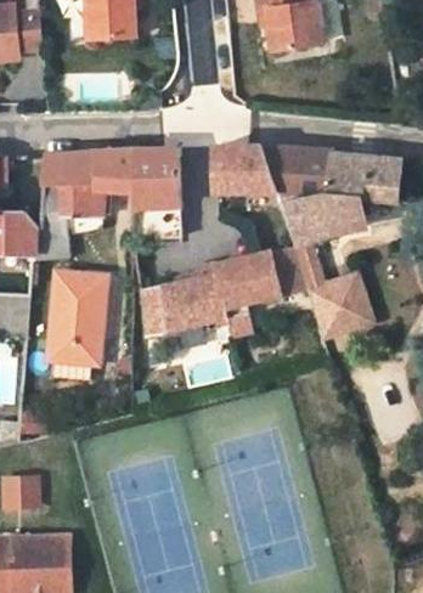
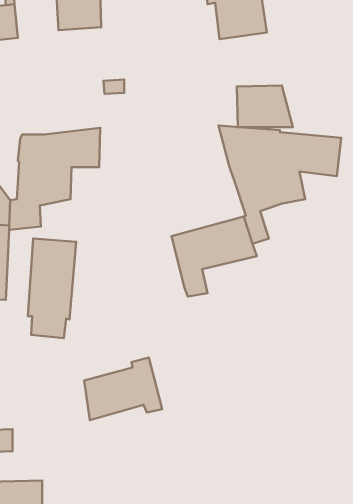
building: [215,145,277,191] -> [237,85,293,127]
building: [132,147,182,236] -> none
building: [141,267,227,337] -> [84,358,162,420]
building: [303,270,372,338] -> none

